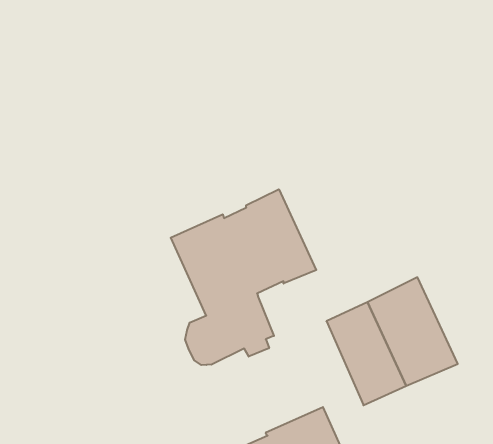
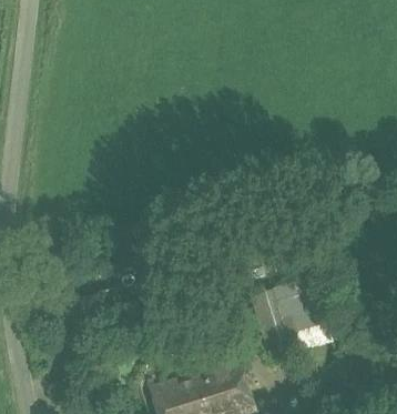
building: [171,189,316,365] -> none

